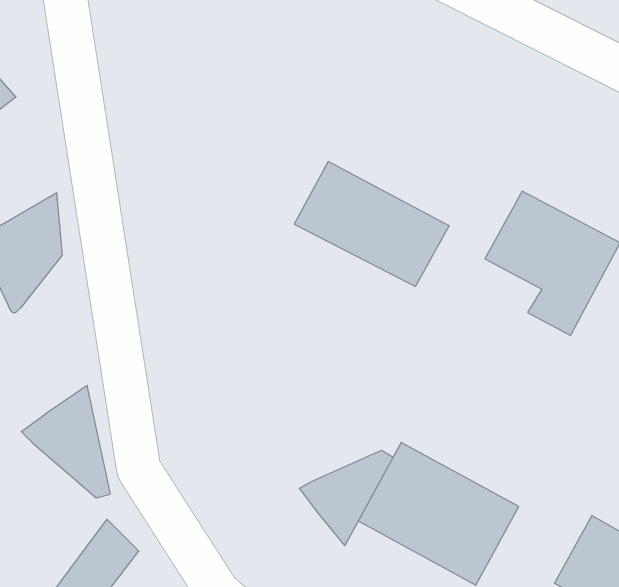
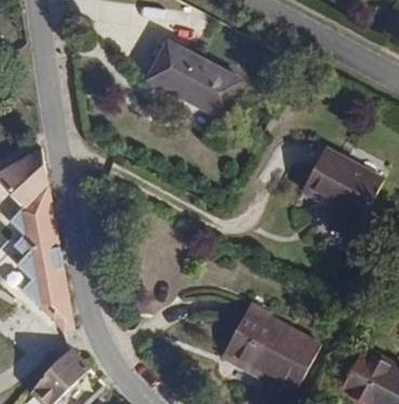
building: [294,162,449,286] -> [145,40,239,116]
building: none -> [12,187,58,282]
building: [299,450,393,546] -> none

